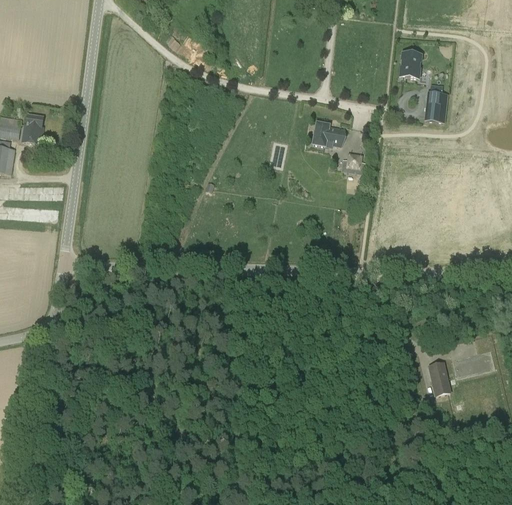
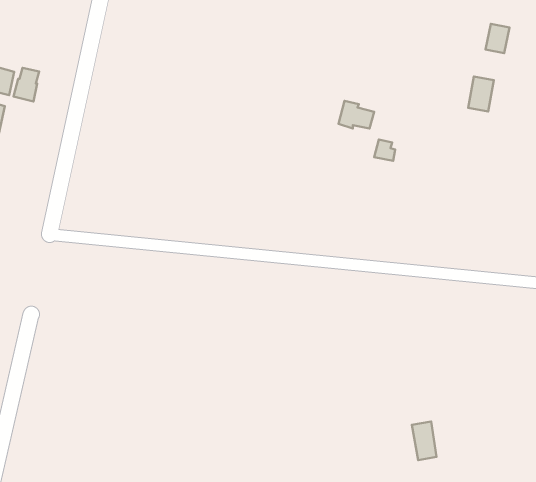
building: [399,51,419,76] -> [485,24,510,53]
building: [426,359,450,394] -> [412,422,436,460]

